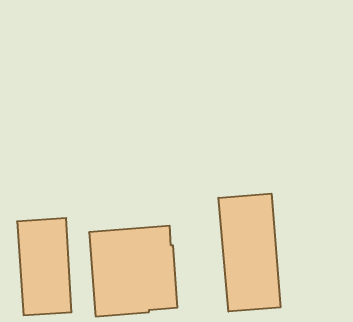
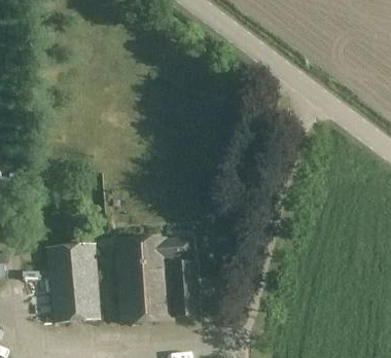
building: [218,194,280,312] -> none

